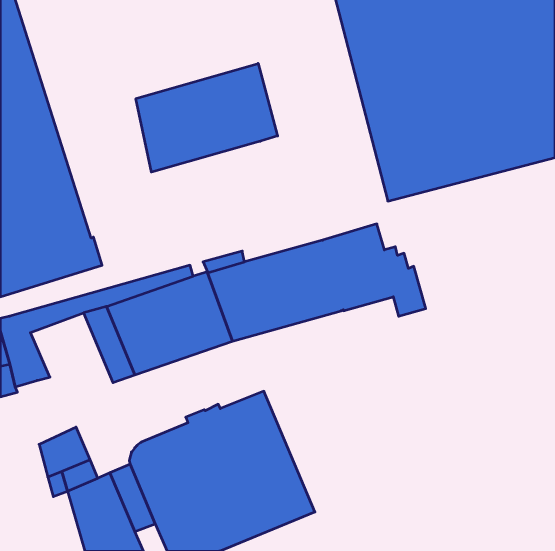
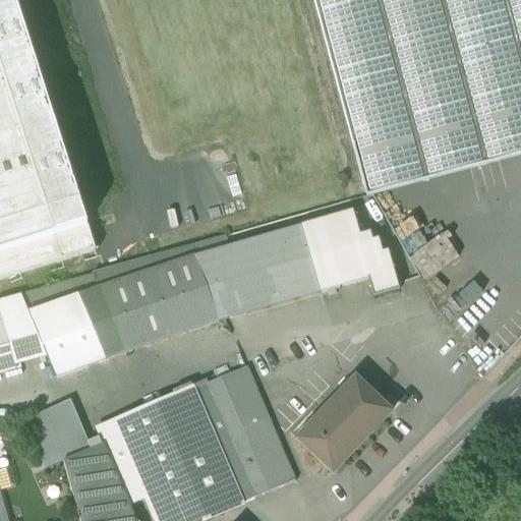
building: [136,63,278,172] -> none
building: none -> [28,293,106,375]
building: none -> [297,378,391,472]

